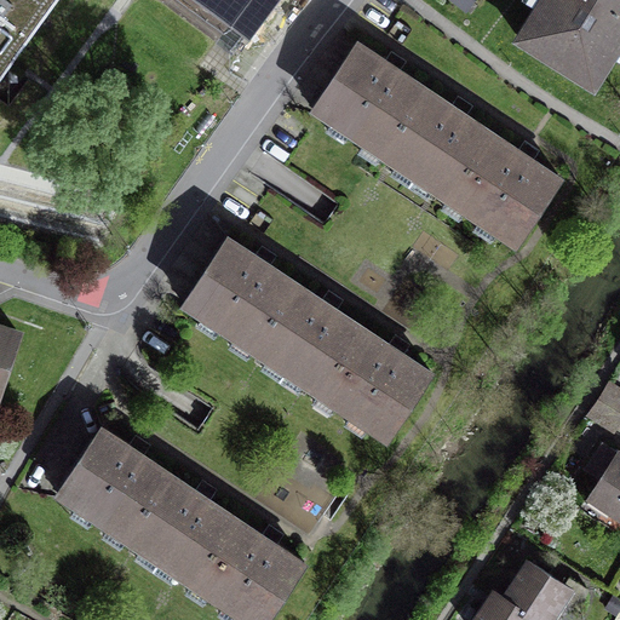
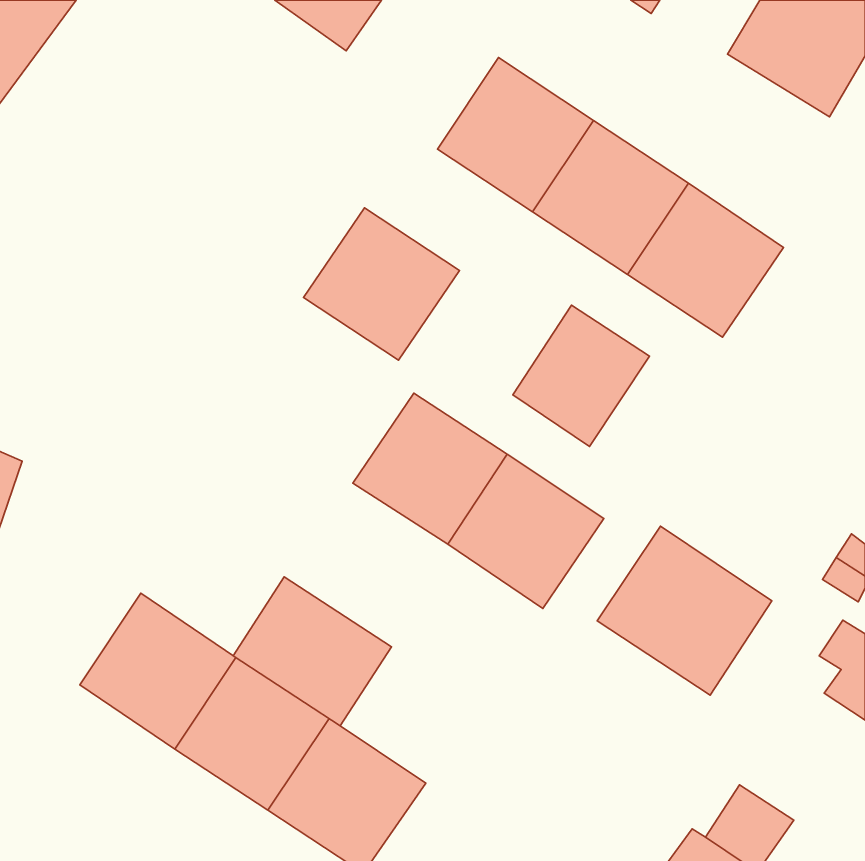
building: none -> [513,305,650,446]
building: [184,240,295,349] -> [304,208,460,360]
building: none -> [597,526,772,695]
building: none -> [233,577,391,726]

